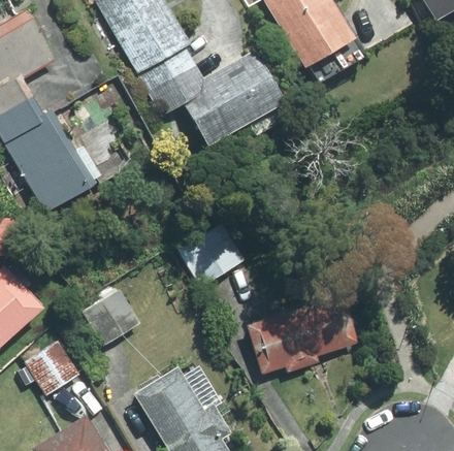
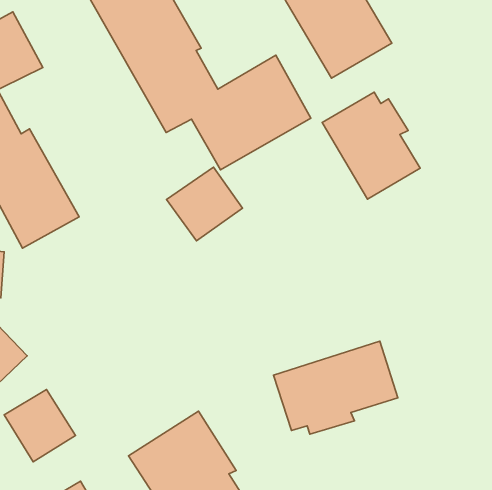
building: none -> [322,92,420,199]
building: [180,224,245,287] -> [166,167,242,241]
building: [85,293,140,346] -> none

